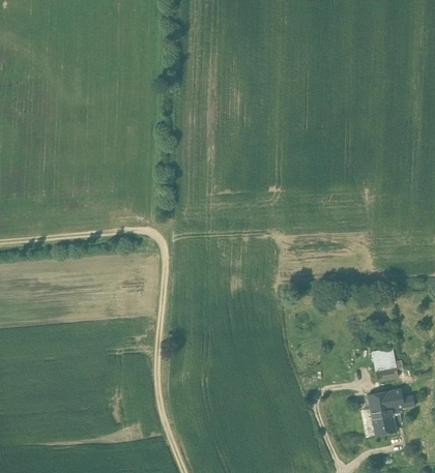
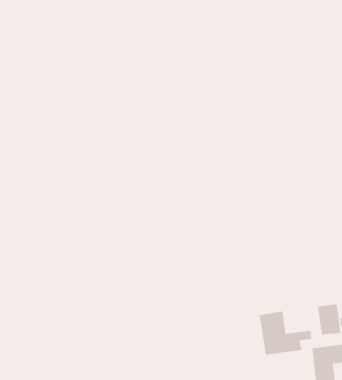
building: none -> [259,311,312,356]

